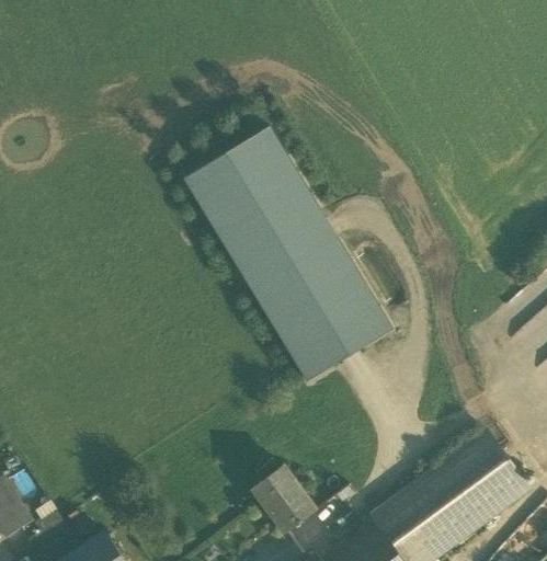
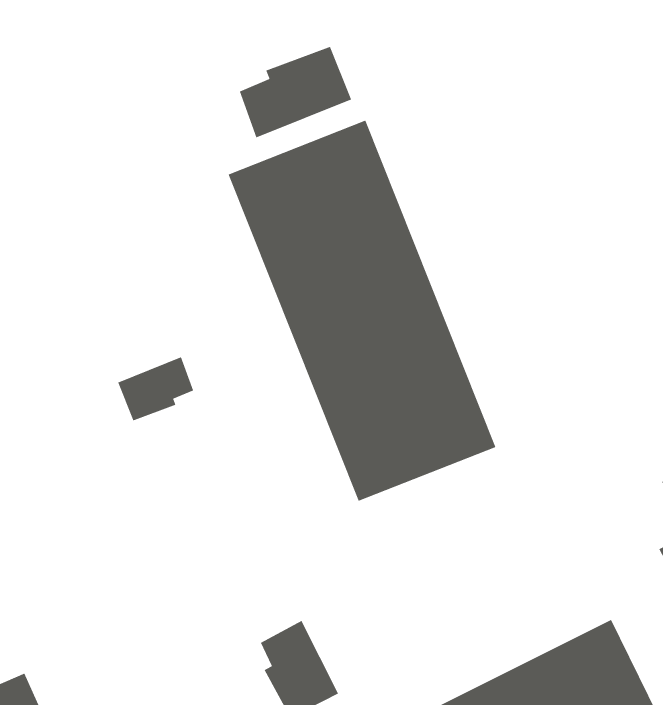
building: none -> [239,46,352,139]
building: none -> [117,356,194,421]

